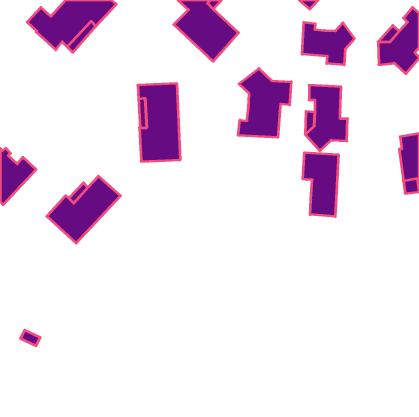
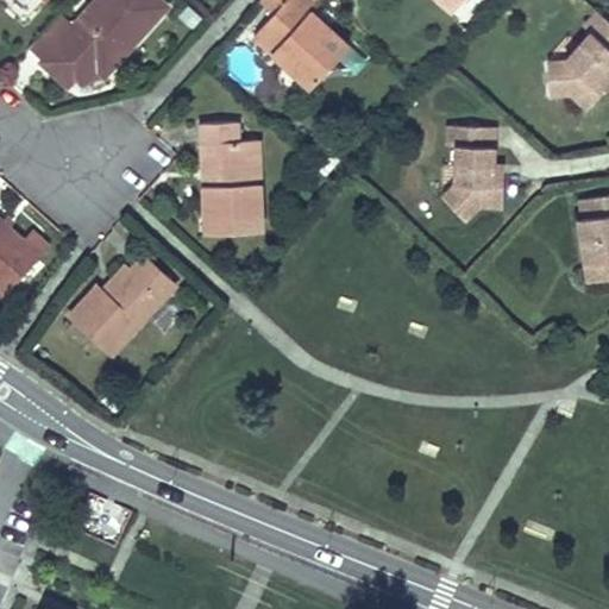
building: [302,22,354,65] -> none
building: [238,68,291,137] -> none
building: [303,153,338,217] -> none

